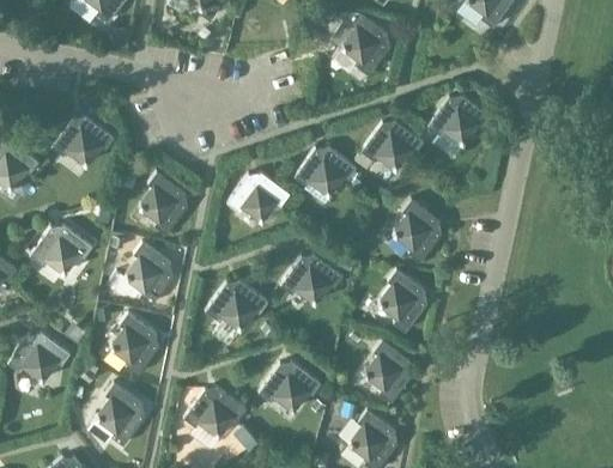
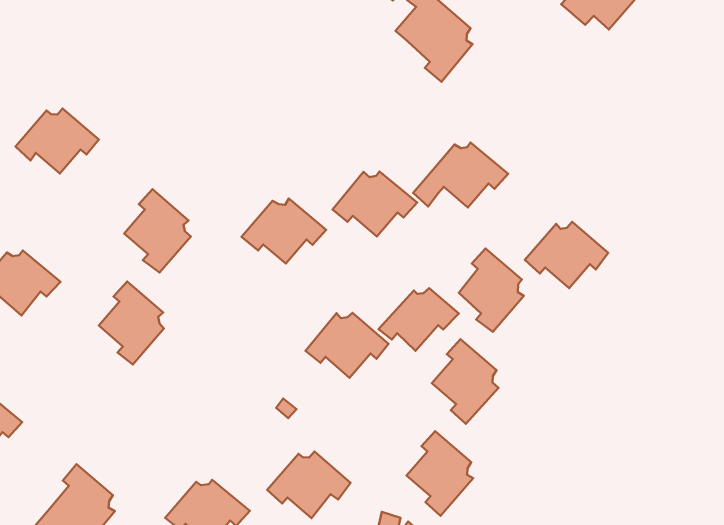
building: [427,95,490,145] -> [525,222,608,288]
building: none -> [379,288,459,351]
building: [205,280,268,330] -> none
building: [110,314,159,376] -> none

